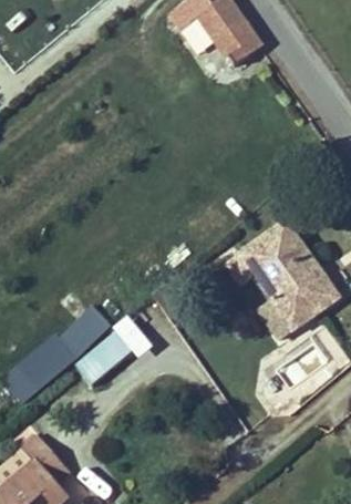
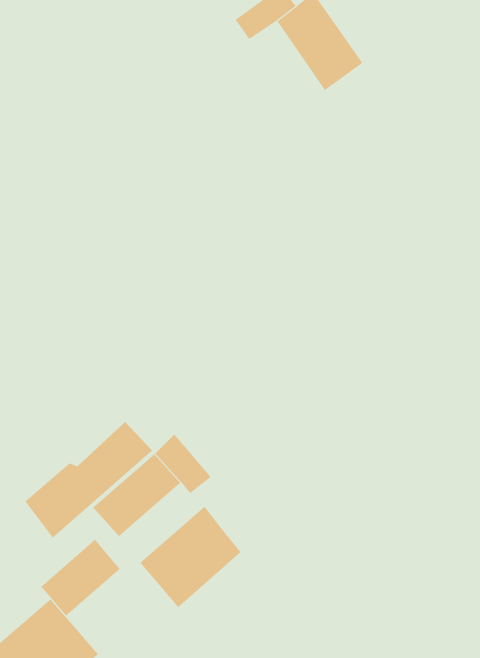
building: [229,225,338,341] -> none
building: none -> [139,506,241,608]
building: none -> [40,539,121,617]

